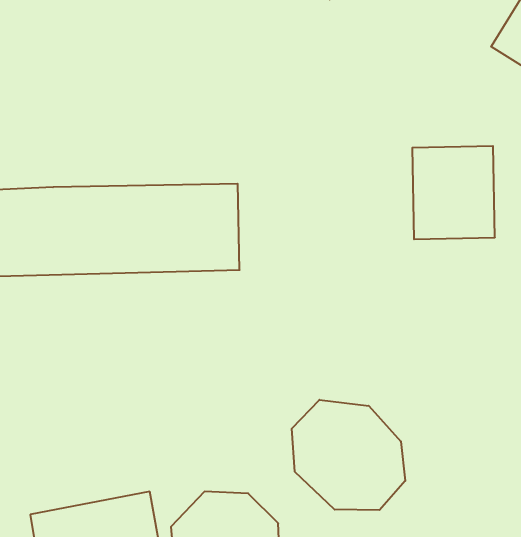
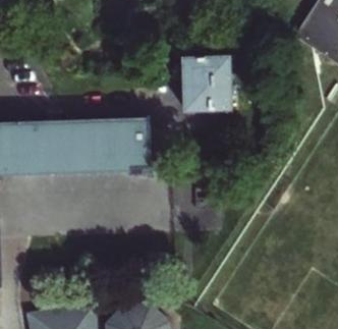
building: [412,146,495,239] -> [183,58,231,112]
building: [292,400,405,510] -> none

